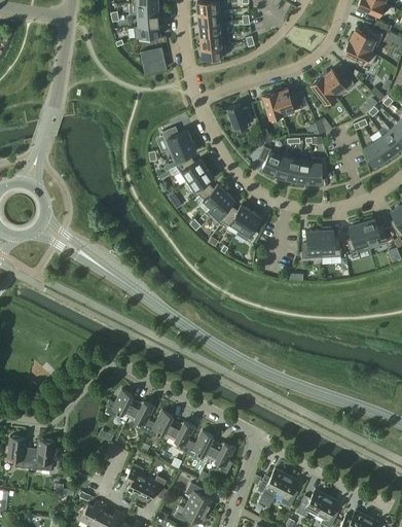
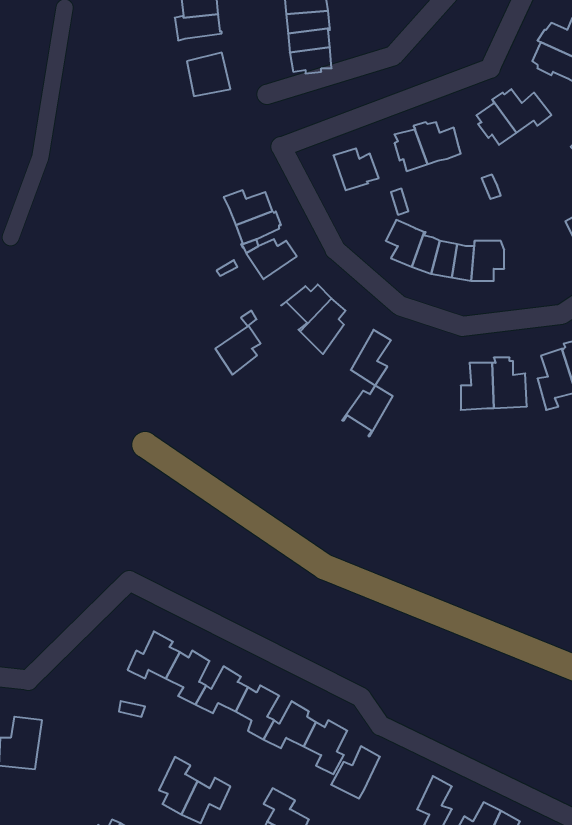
building: [186,168,213,197] -> [215,326,261,375]
building: [221,205,251,235] -> [342,386,393,436]
building: [257,468,286,499] -> [331,746,380,799]

